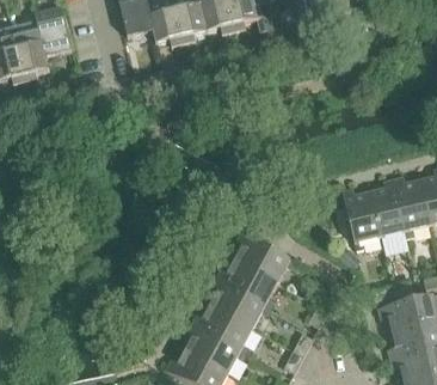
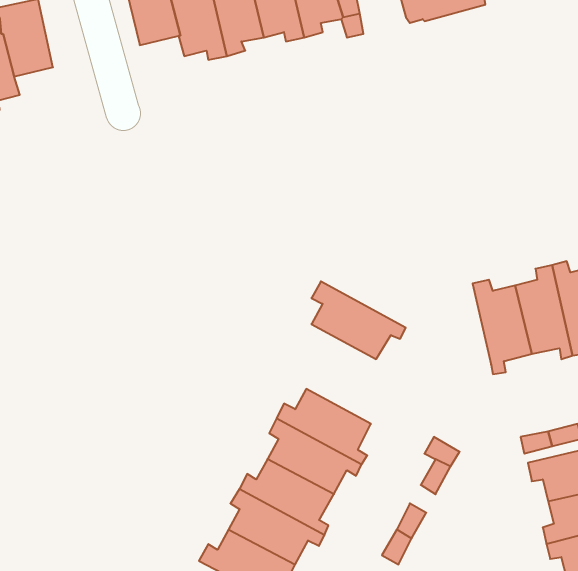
building: [234,231,295,281] -> [311,281,406,359]

